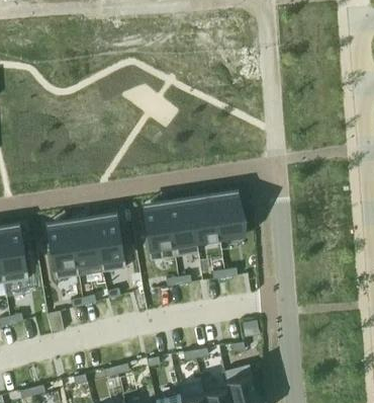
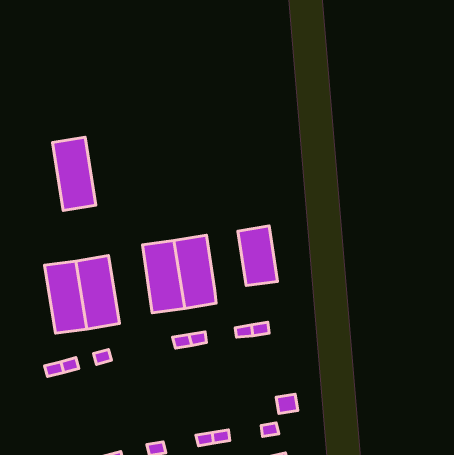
building: [190,199,219,244] -> none
building: [45,225,78,279] -> [52,137,96,211]

